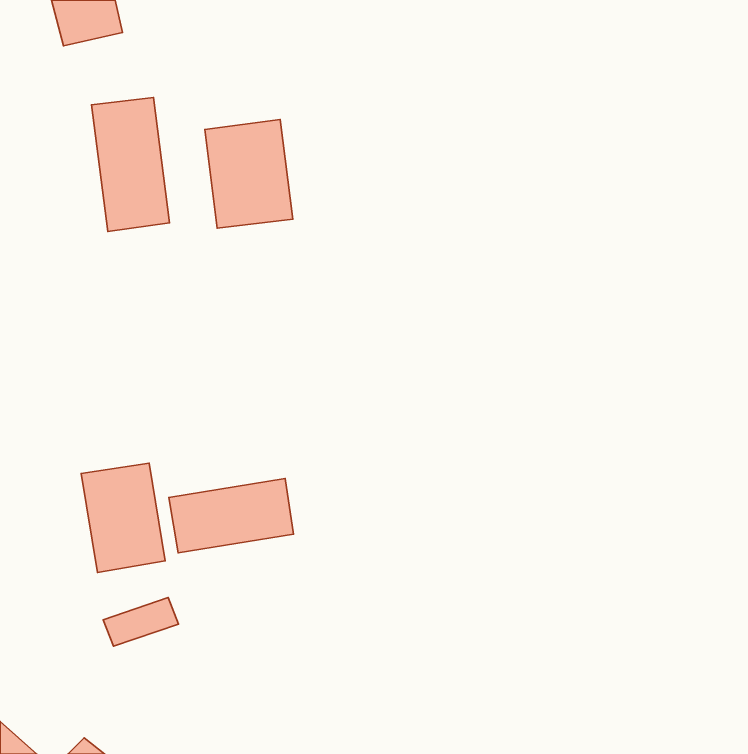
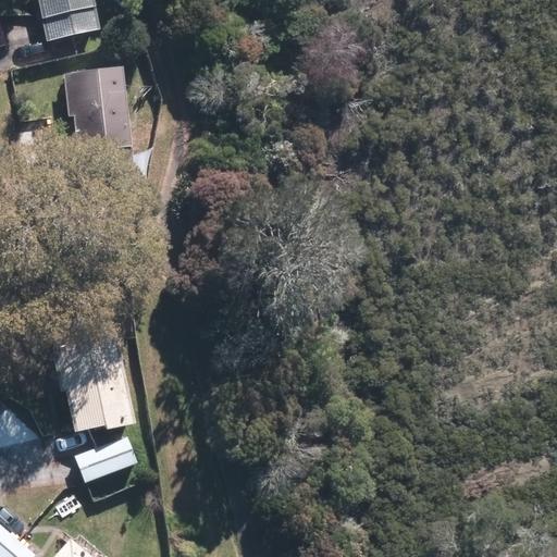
building: [205,119,293,228] -> none
building: [169,479,293,553] -> none

